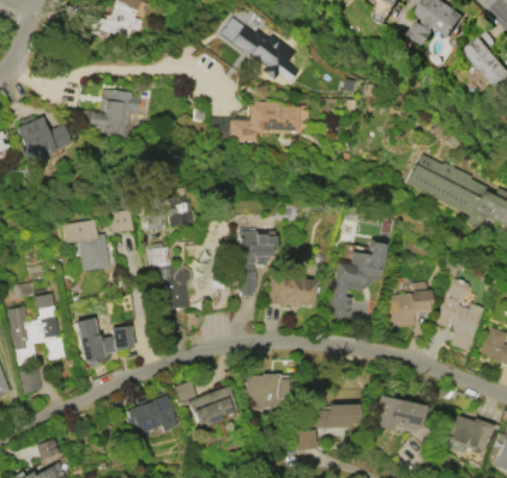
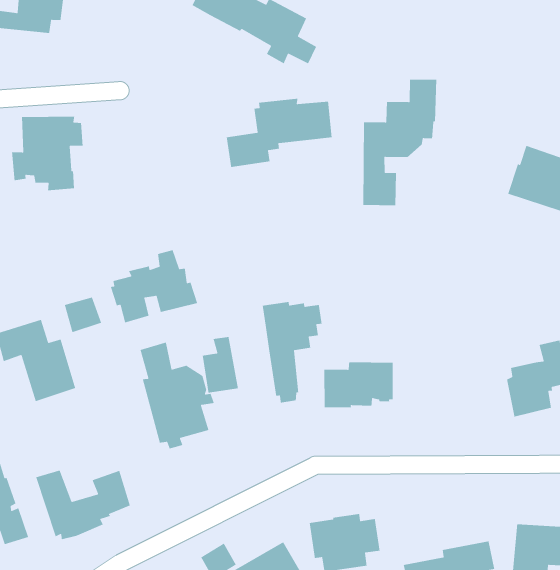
building: [326,240,386,320] -> [362,79,437,206]

